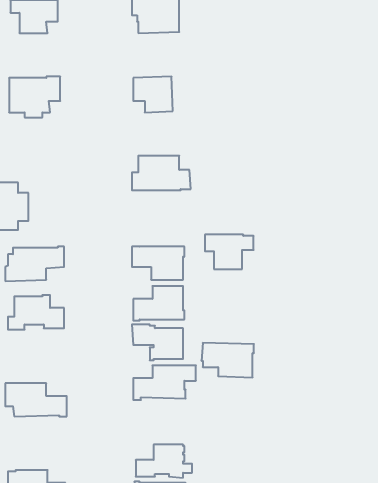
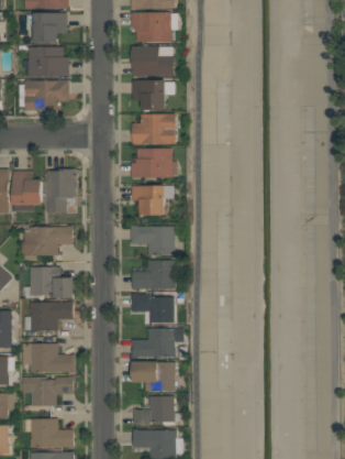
building: none -> [131,45,174,76]
building: none -> [29,46,69,76]
building: none -> [132,113,176,144]
building: none -> [46,168,76,212]
building: [205,235,254,269] -> [132,185,174,215]
building: none -> [24,300,73,330]
building: [201,343,254,377] -> [132,361,177,391]
building: none -> [22,375,74,405]

